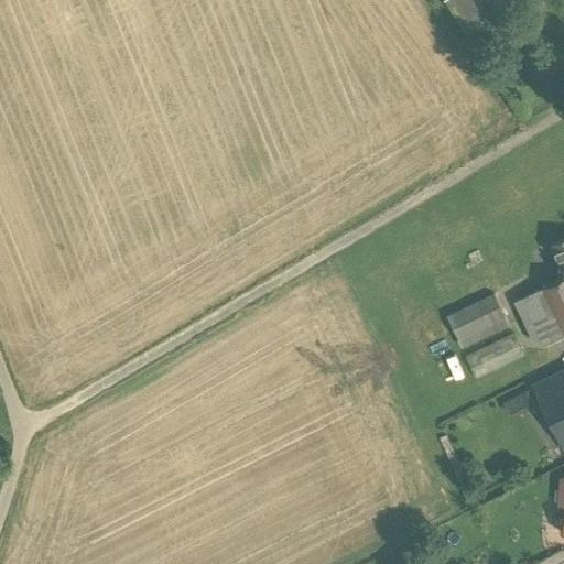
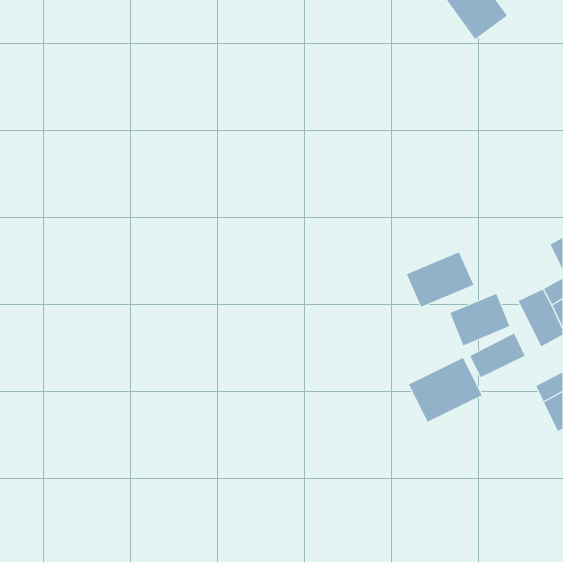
building: none -> [406,251,474,308]
building: none -> [408,357,483,422]

